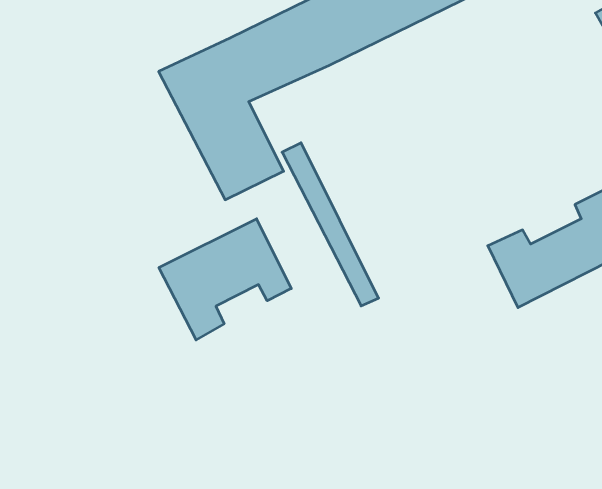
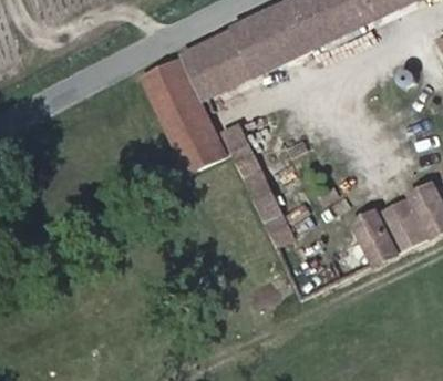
building: [159,219,291,340] -> none

